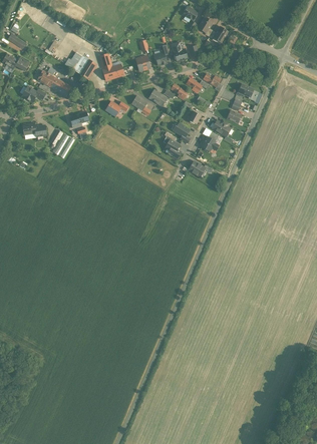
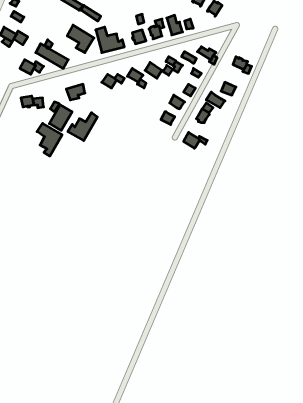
building: none -> [68,113,97,141]
building: none -> [37,123,62,156]

